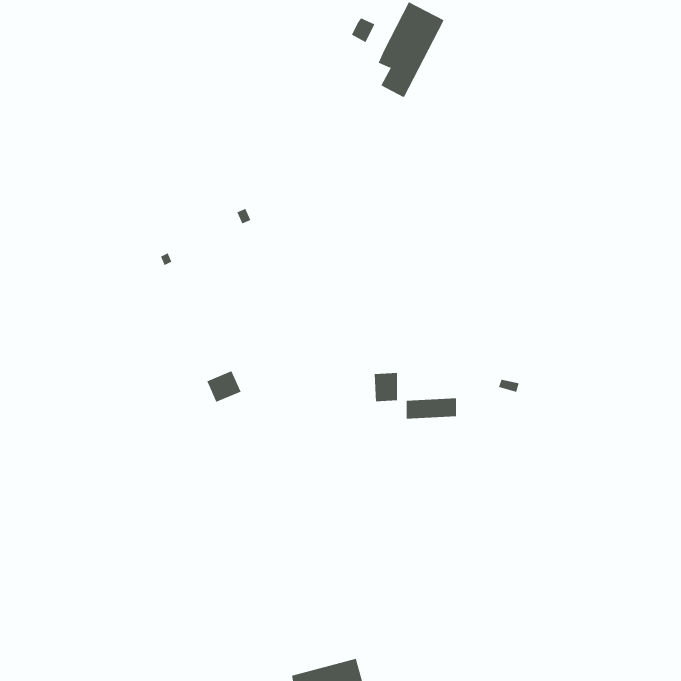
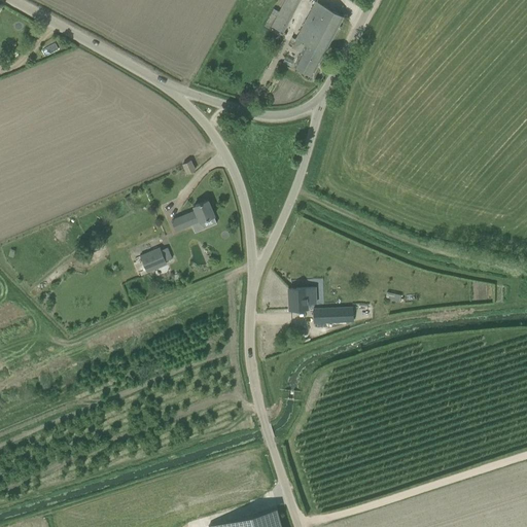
building: none -> [171,201,216,232]
building: [207,370,241,402] -> [139,248,166,273]

